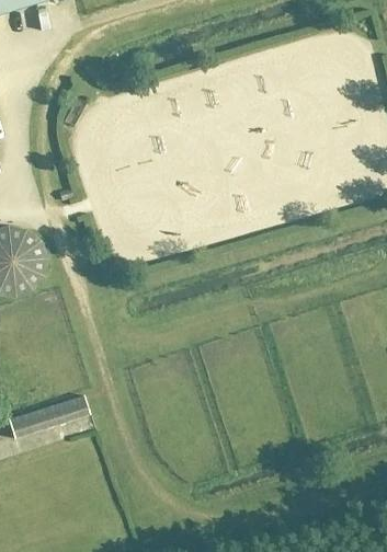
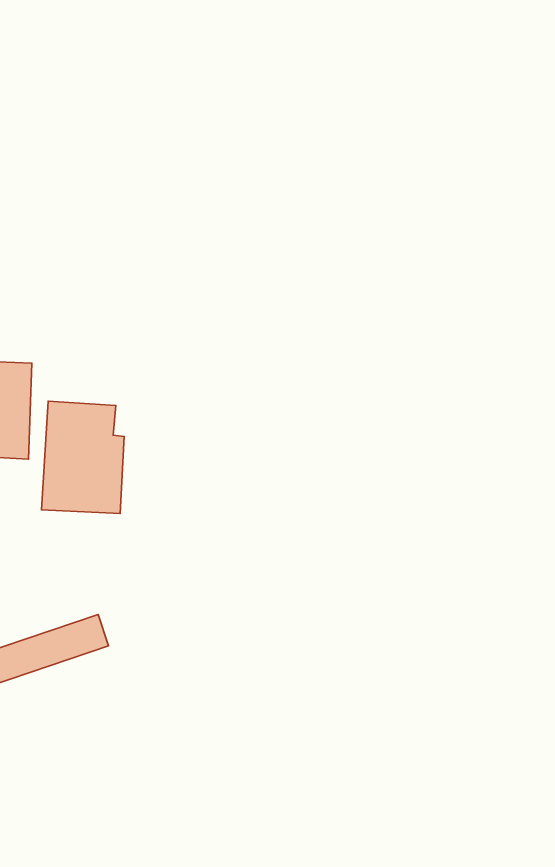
building: none -> [41,401,124,514]

